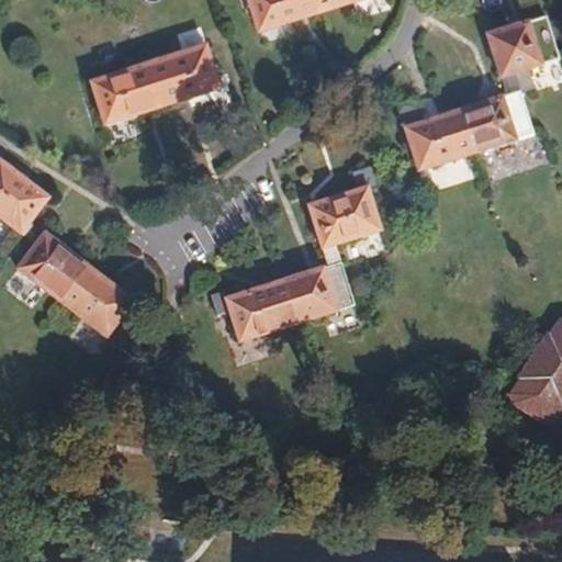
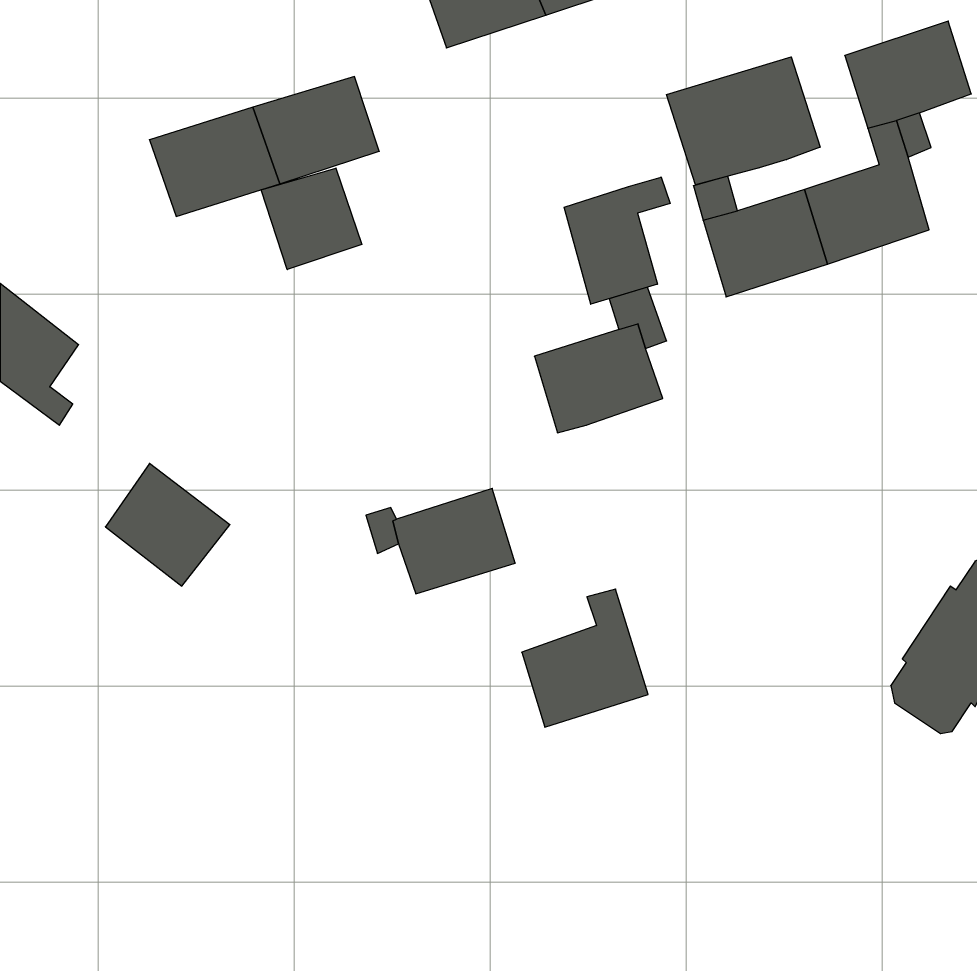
building: none -> [667,57,820,185]
building: none -> [261,168,362,270]
building: none -> [564,177,670,304]
building: [16,232,87,302] -> none
building: [283,244,356,323] -> [522,589,648,727]

